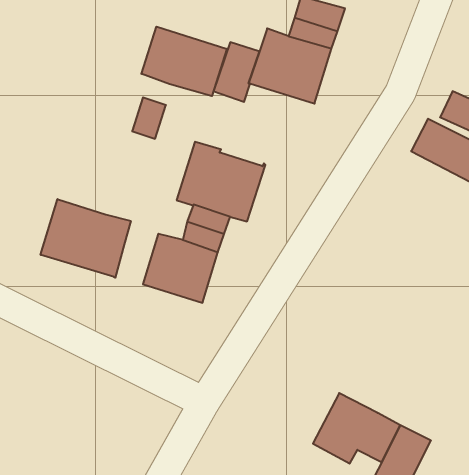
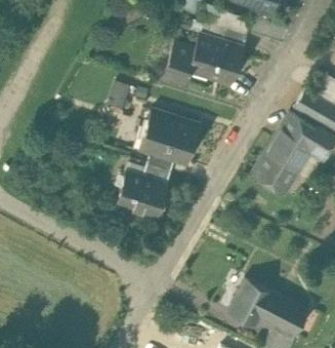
building: [141,27,227,96] -> none
building: none -> [258,116,322,189]
building: [41,199,131,278] -> none

